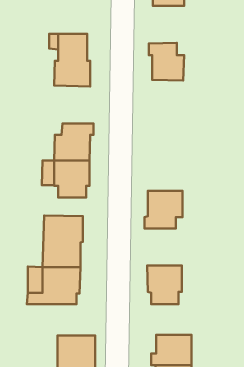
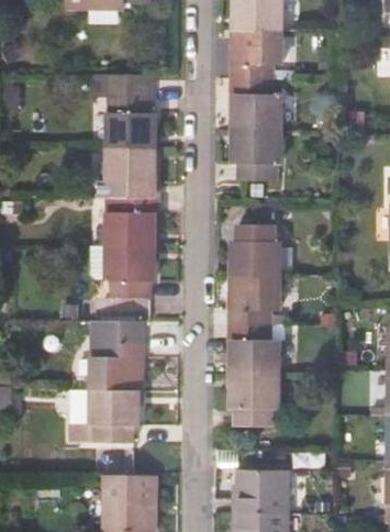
building: none -> [231,35,278,86]
building: none -> [235,134,277,186]
building: none -> [97,142,157,192]
building: none -> [230,231,276,282]
building: none -> [225,333,276,383]

